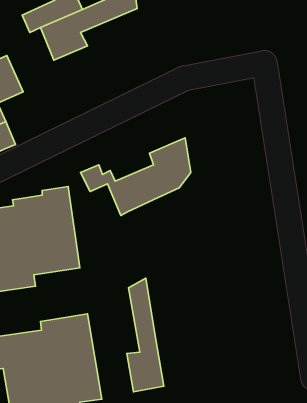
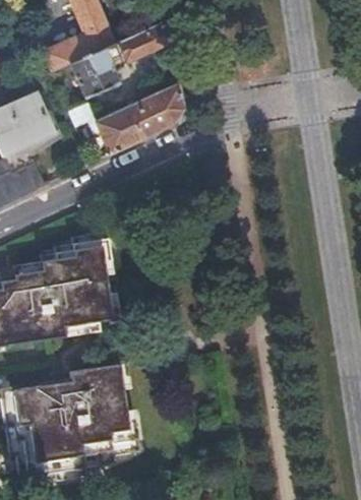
building: [81,138,191,216] -> [67,72,184,154]
building: [127,278,164,392] -> none

